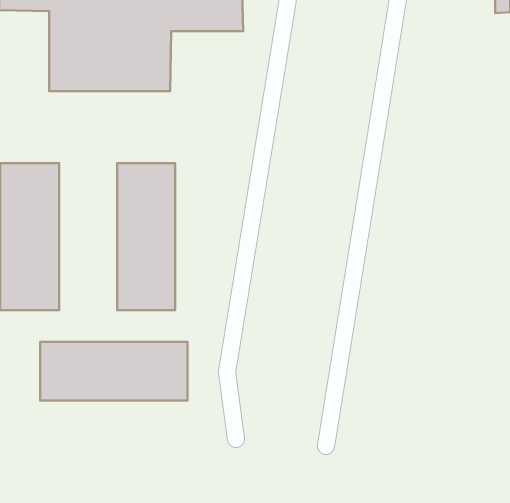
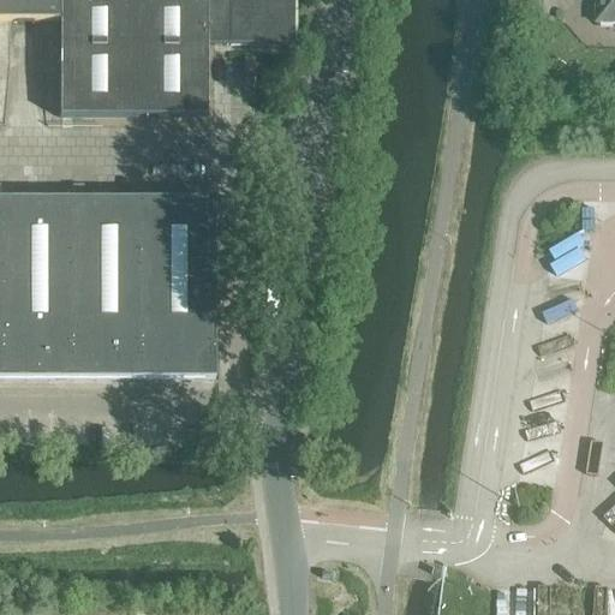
building: none -> [71,196,141,372]
building: [40,342,187,401] -> none

